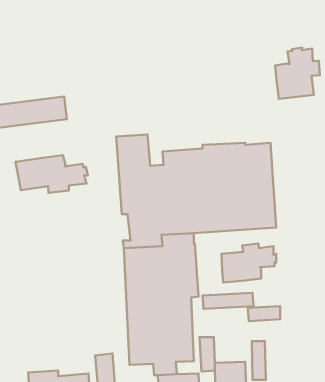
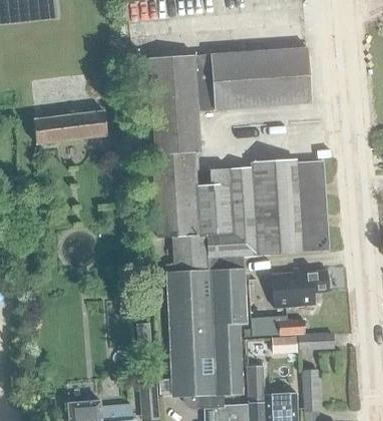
building: none -> [149,47,311,154]
building: [275,48,320,99] -> none
building: [16,155,88,193] -> none

